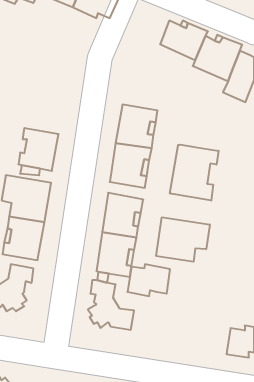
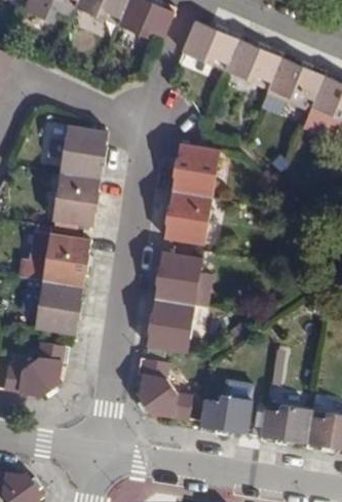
building: none -> [183,23,238,70]
building: none -> [44,123,108,180]
building: [170,145,219,201] -> none
building: [156,217,210,262] -> none
building: [127,264,170,296] -> [200,396,253,435]
building: none -> [260,402,312,446]

